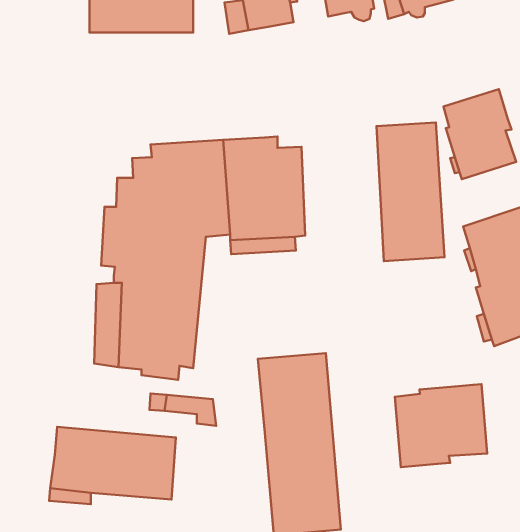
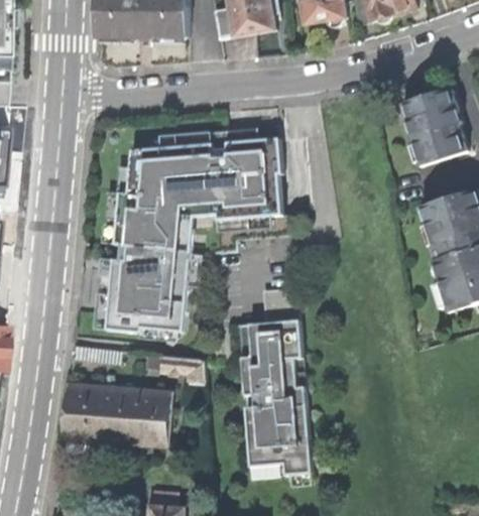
building: [376,123,444,261] -> none
building: [395,384,487,467] -> none

